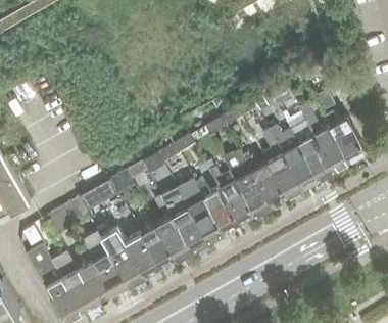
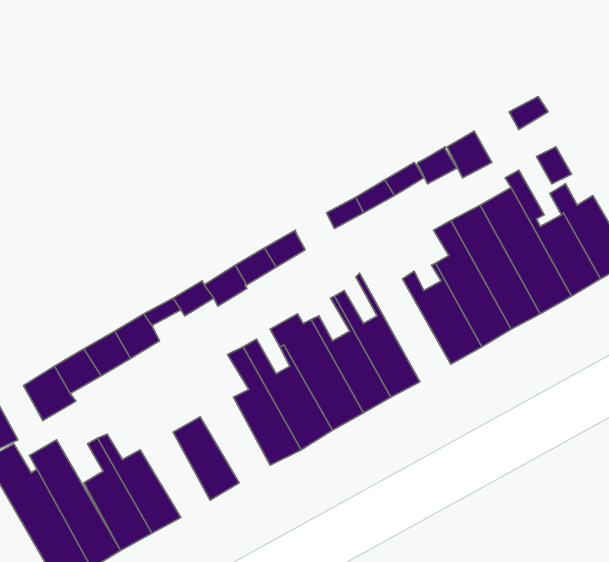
building: [223,152,271,218] -> none
building: [134,222,176,271] -> none
building: [96,230,144,289] -> none

